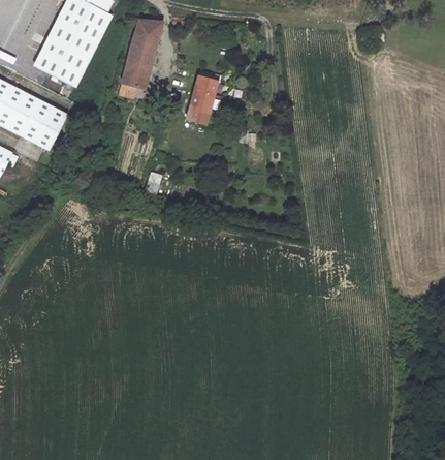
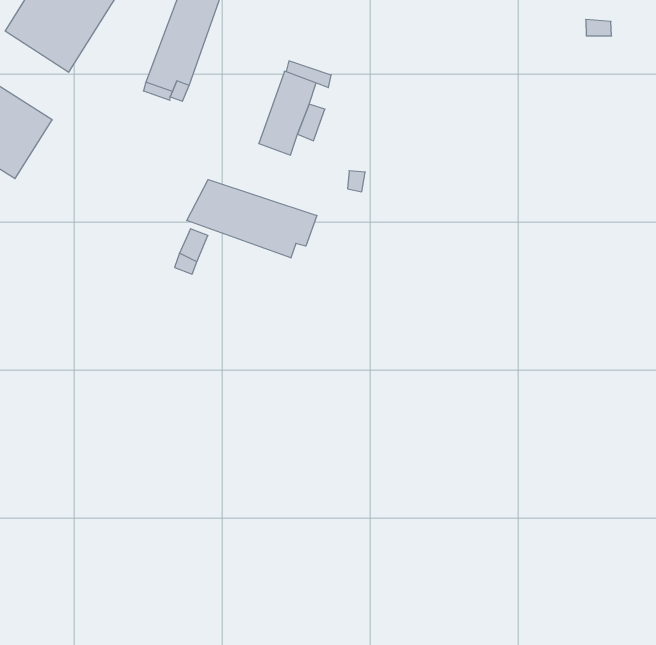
building: none -> [187,180,317,258]

